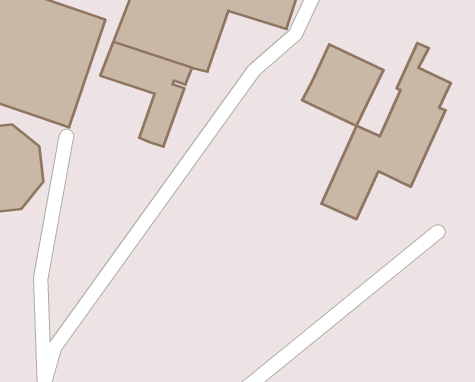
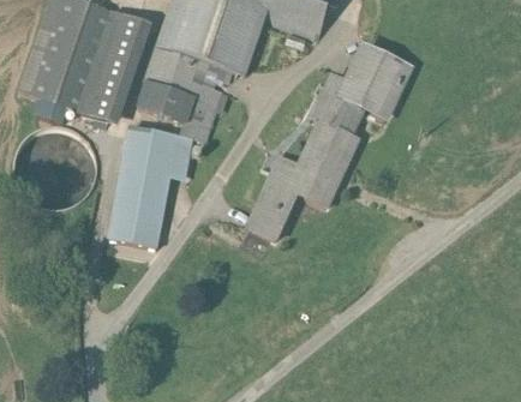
building: [321,43,451,219] -> [242,77,363,240]
building: none -> [136,77,196,121]
building: none -> [112,128,190,240]

